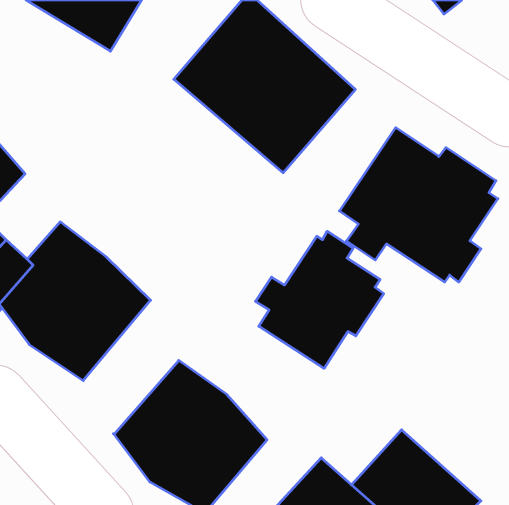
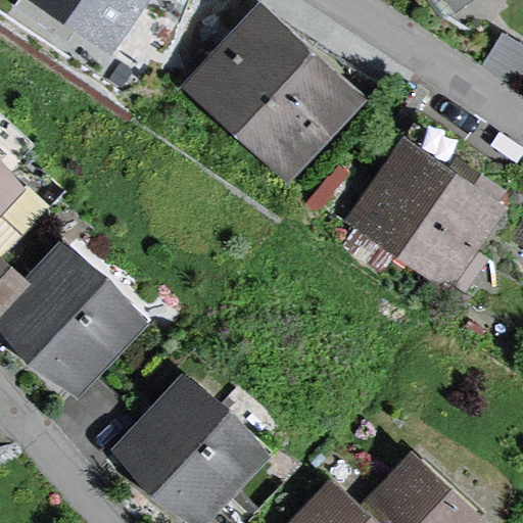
building: [255,231,384,368] -> none

